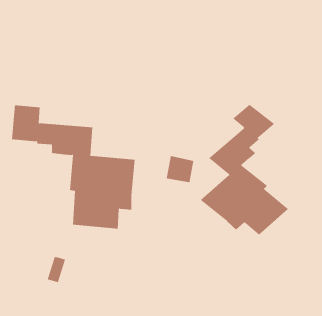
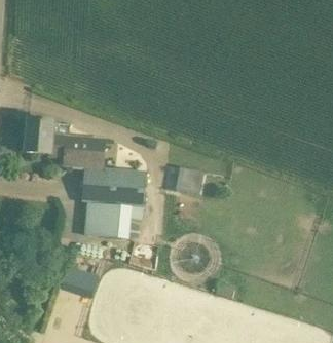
building: [200,104,289,235] -> none

